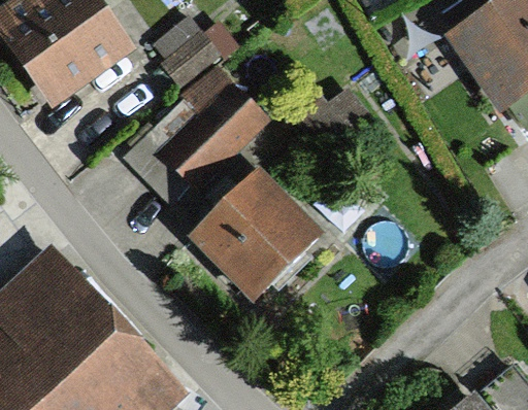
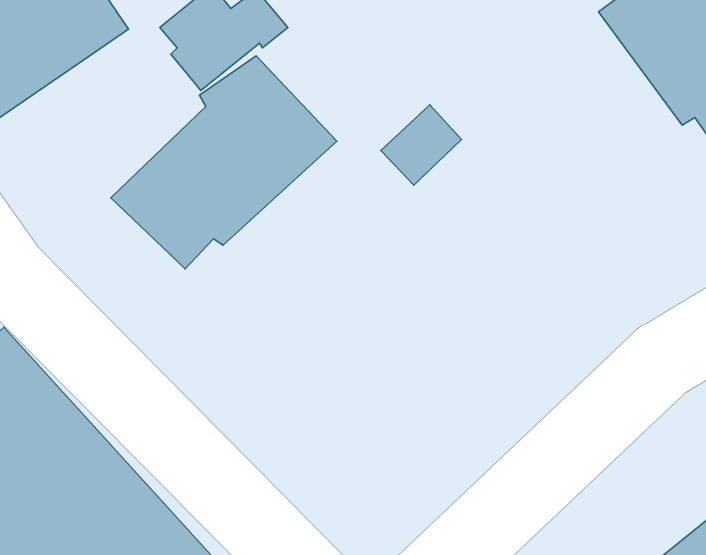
building: [190,165,323,301] -> none

